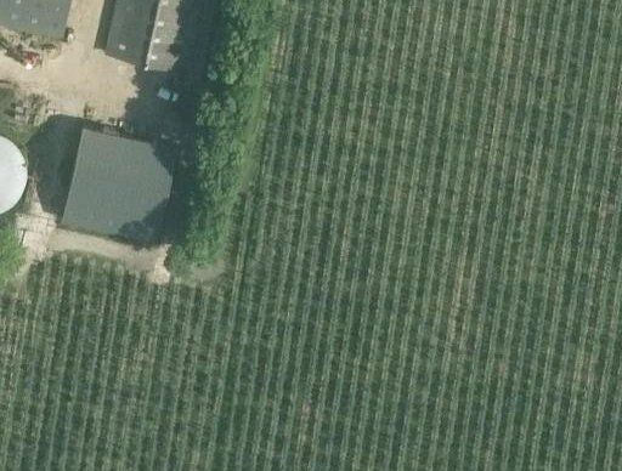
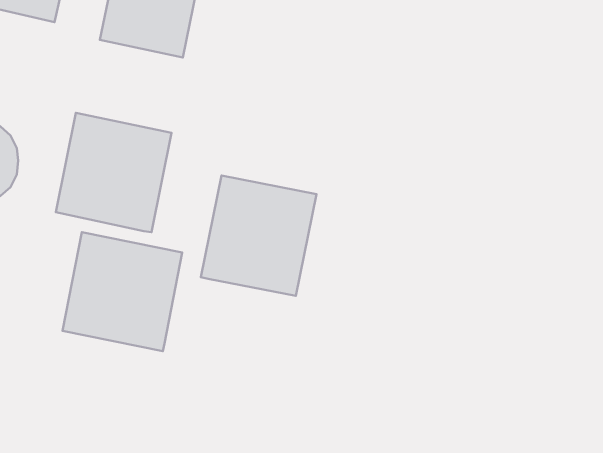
building: none -> [201,176,317,296]
building: none -> [62,232,182,351]

